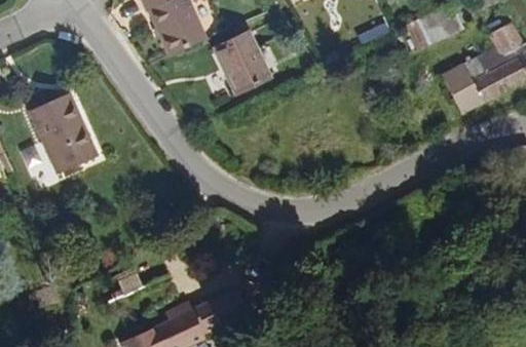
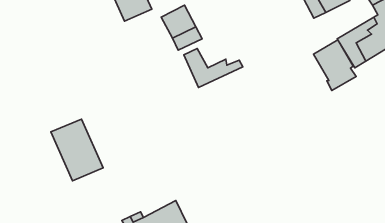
building: none -> [313,40,356,91]
building: none -> [184,48,243,88]
building: [30,97,97,176] -> [51,119,103,181]

